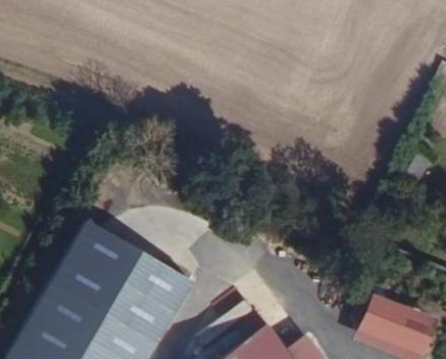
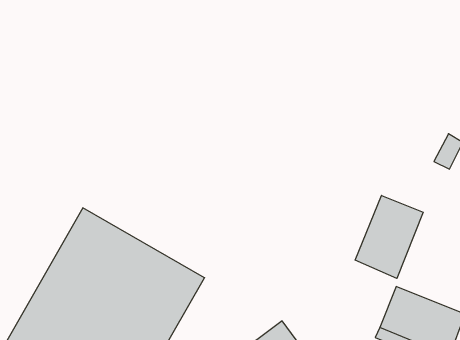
building: none -> [355,195,423,278]

